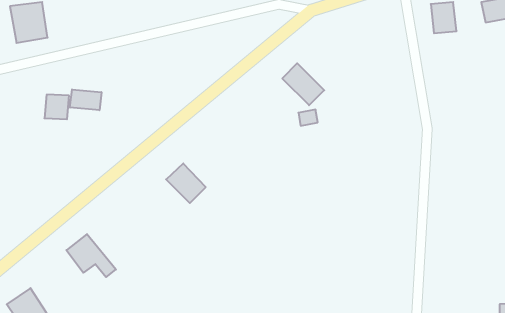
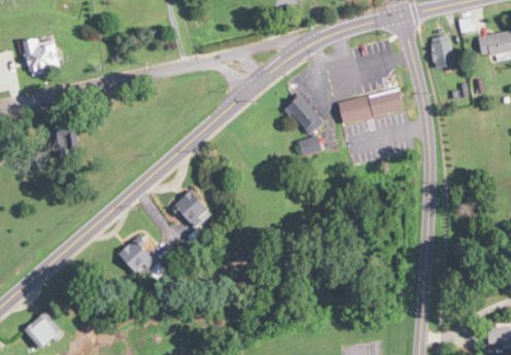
building: none -> [337,87,401,123]
building: [70,89,101,110] -> none
building: [66,234,116,277] -> [117,238,165,279]

